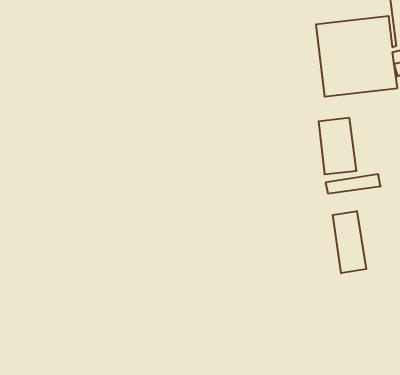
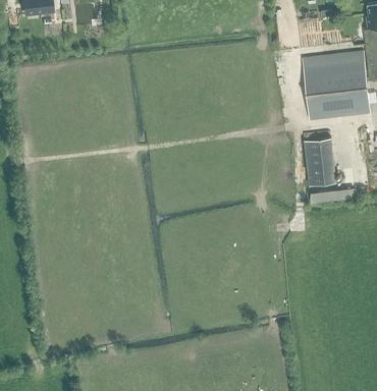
building: [333,211,366,273] -> none

